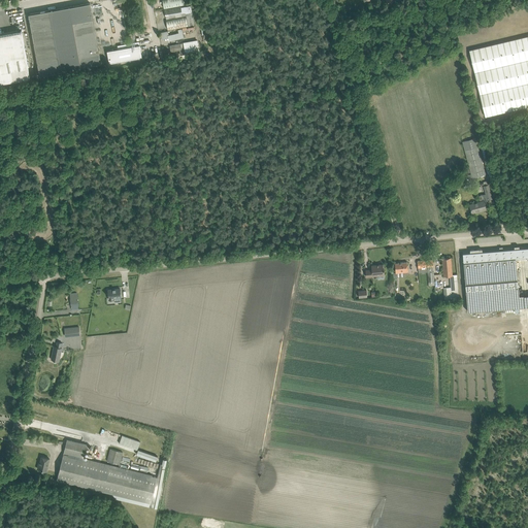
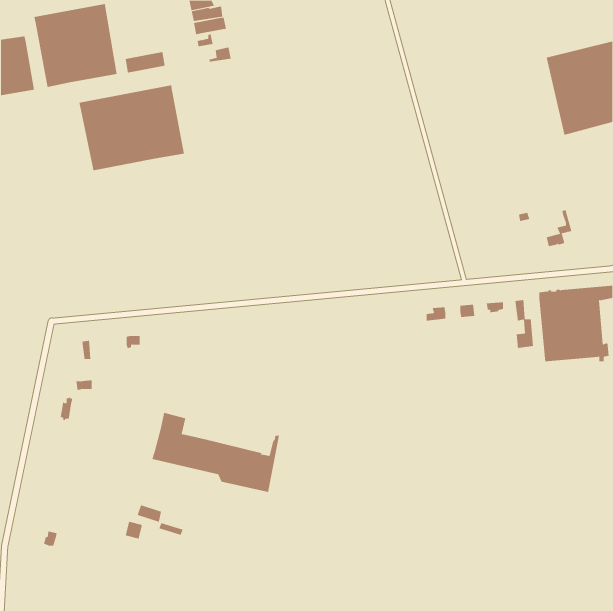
building: none -> [79,85,184,171]
building: [463,139,486,182] -> none
building: [57,440,167,509] -> [151,412,280,493]

